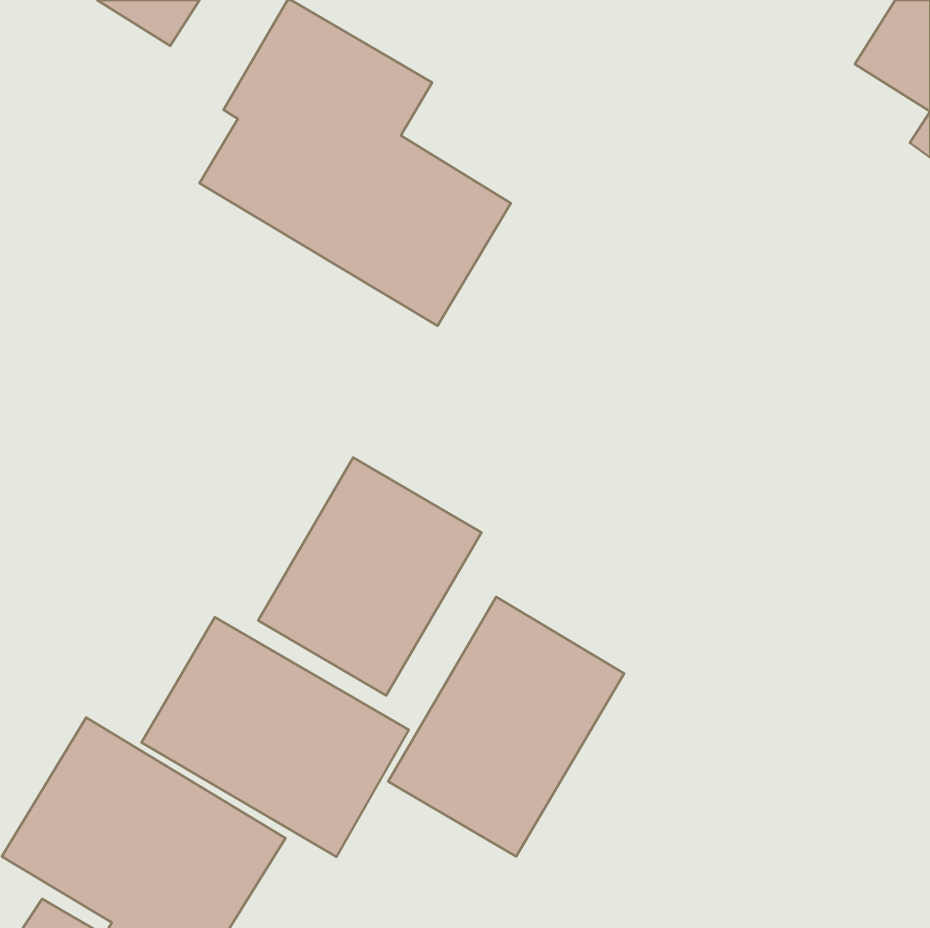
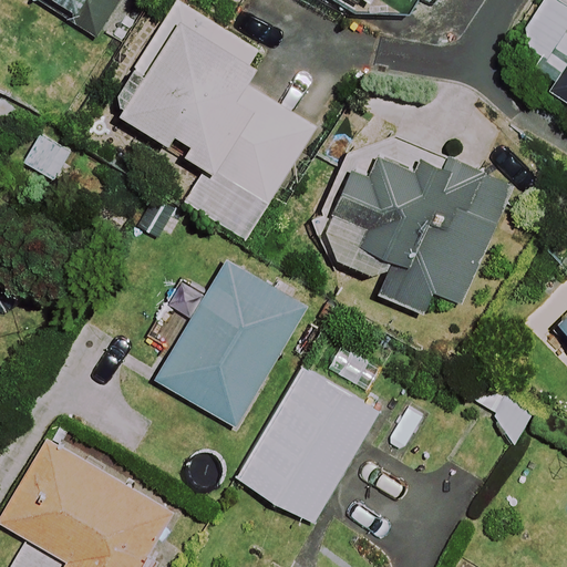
building: none -> [323,152,512,317]
building: [141,617,409,857] -> none

